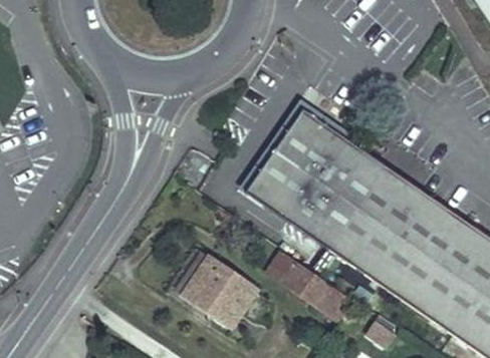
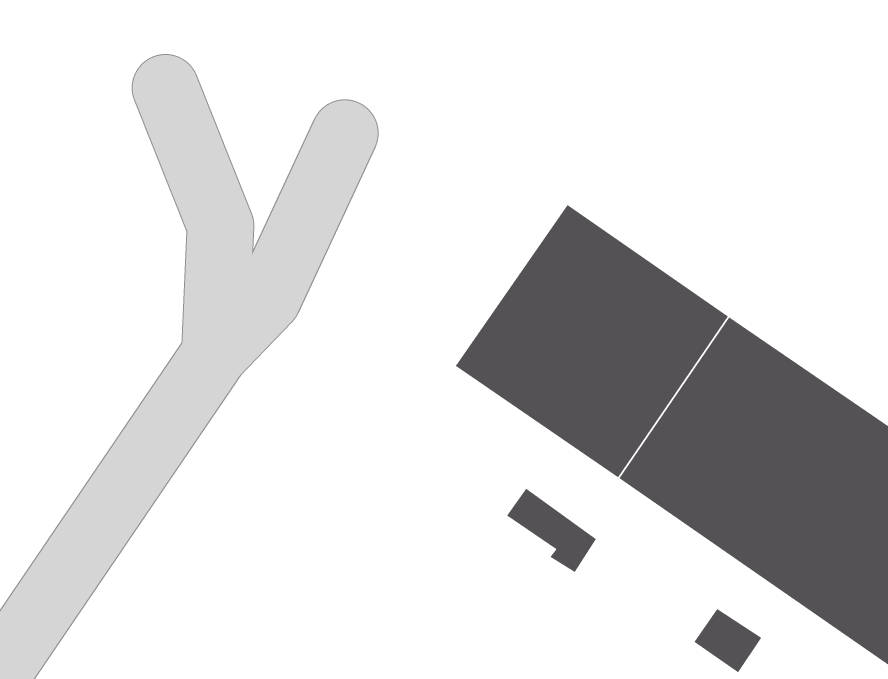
building: [183,257,256,326] -> none
building: [307,279,350,317] -> none

